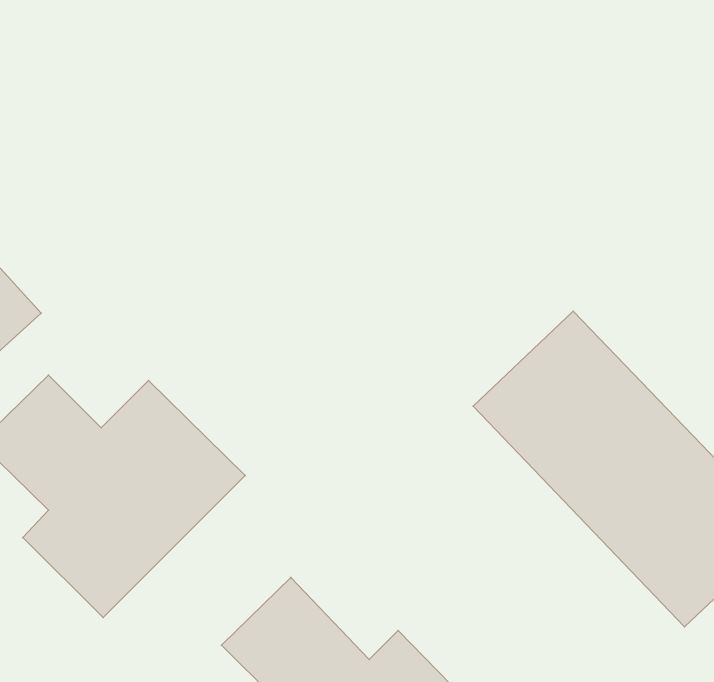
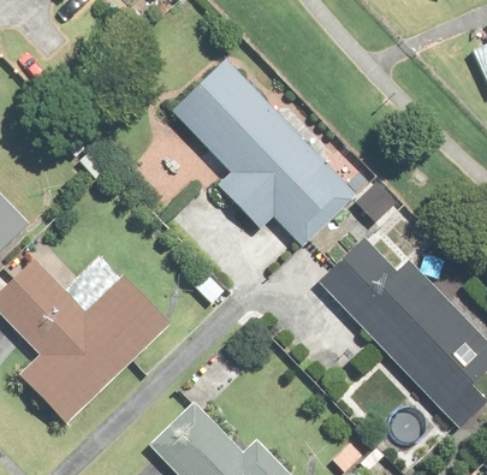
building: none -> [172,54,360,245]

